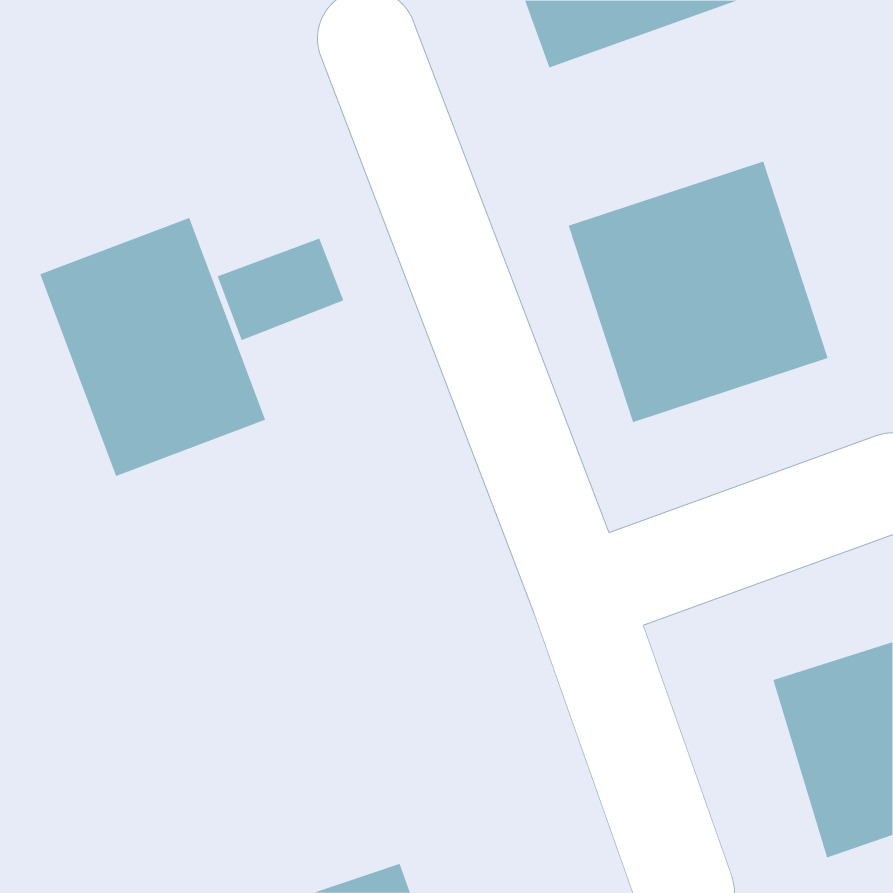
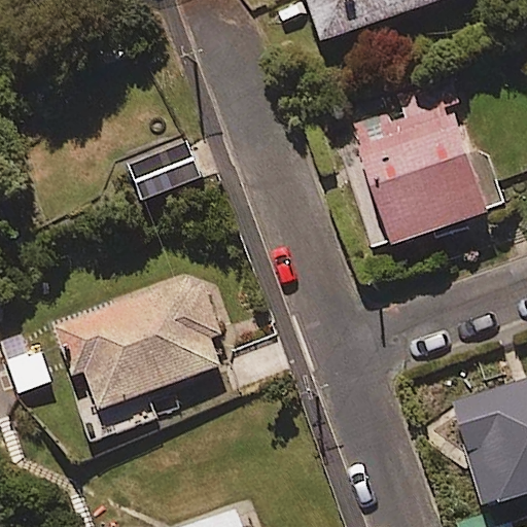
building: [40,217,266,477] -> none
building: none -> [56,272,222,410]

